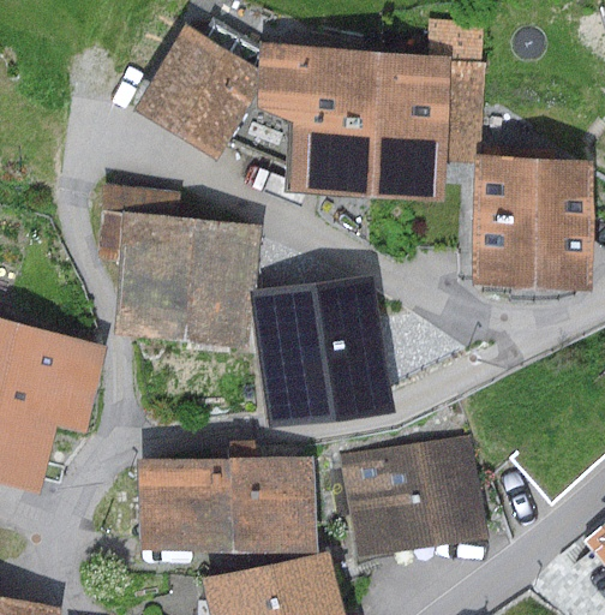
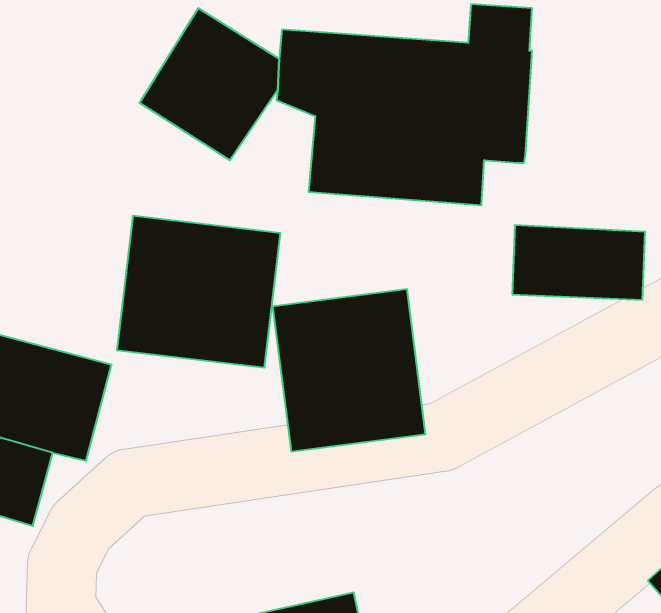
building: [469,145,591,226] -> none
building: [341,436,487,560] -> none
building: [136,459,315,553] -> none

